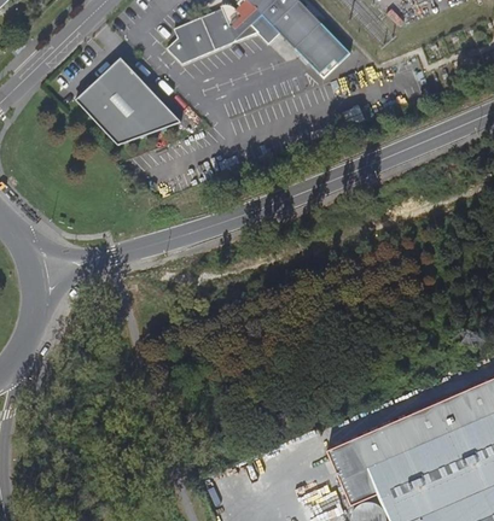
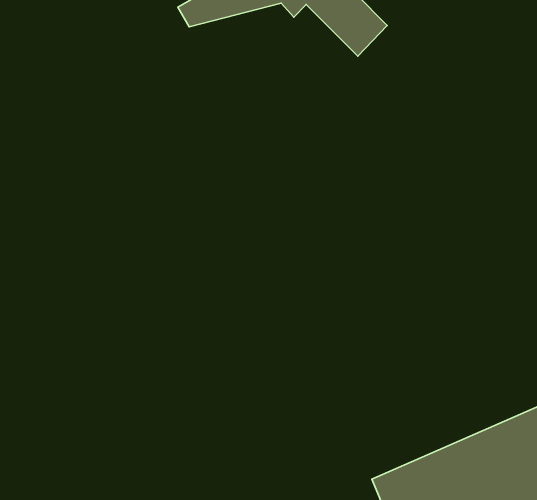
building: [75,58,182,148] -> none

